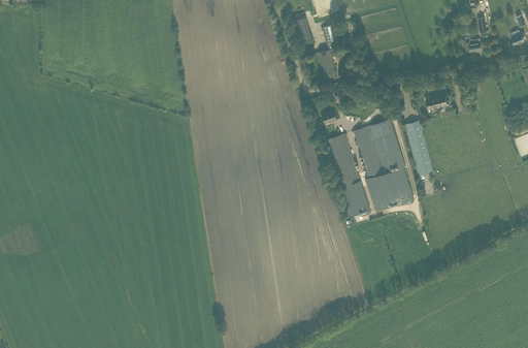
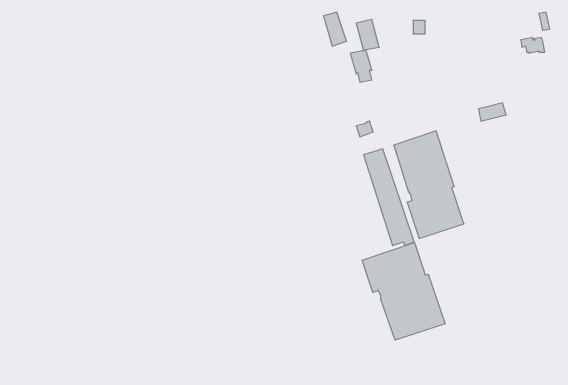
building: [405,120,433,175] -> none
building: none -> [362,242,445,340]

